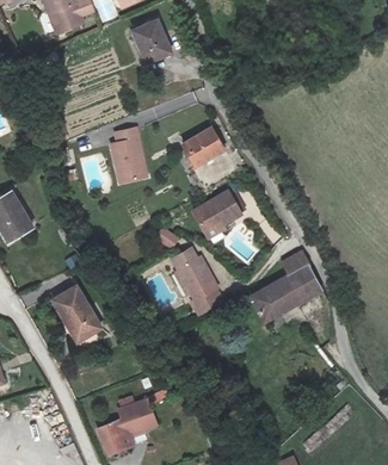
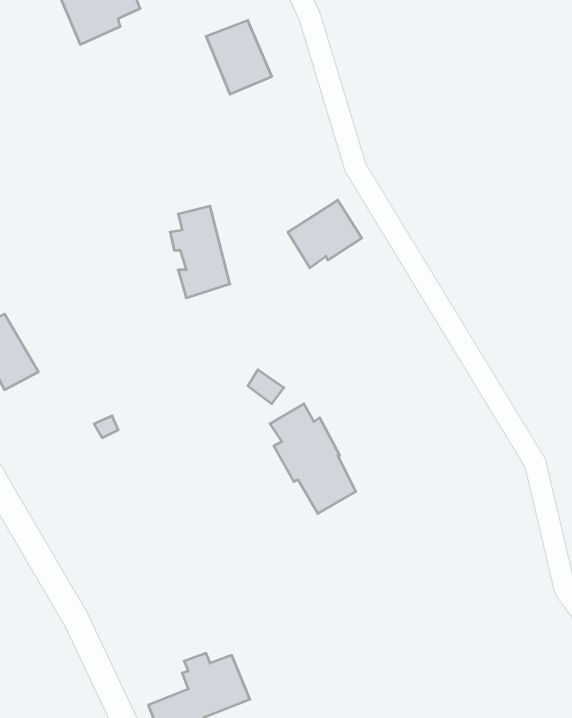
building: [192,191,242,238] -> none
building: [248,253,318,322] -> none
building: [53,287,100,342] -> none

